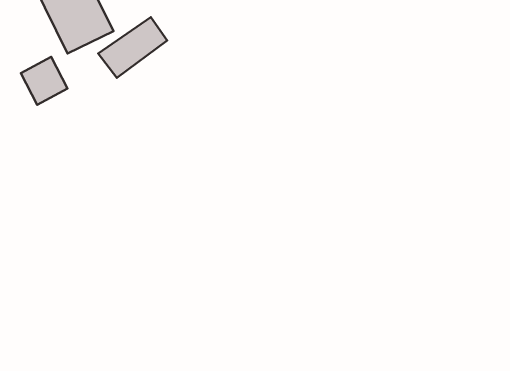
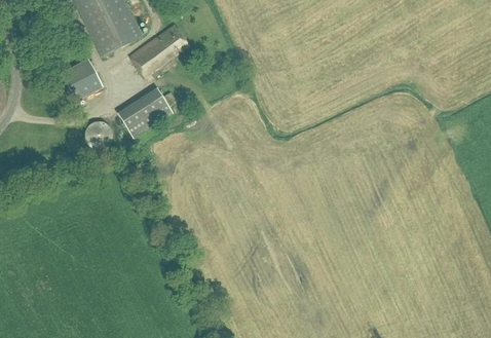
building: none -> [116,86,177,138]
building: none -> [84,120,112,149]

